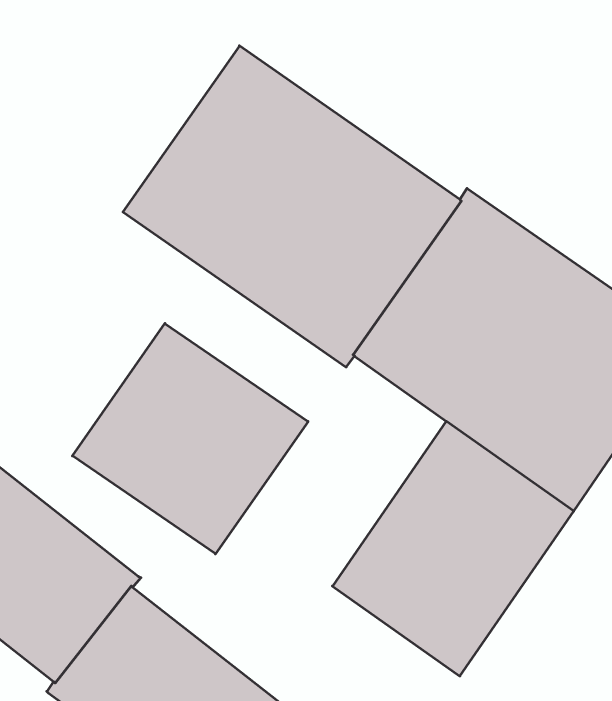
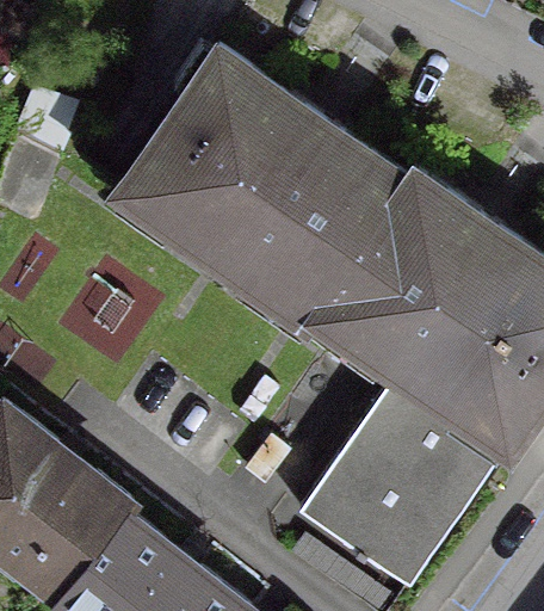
building: [72,323,308,554] -> none

